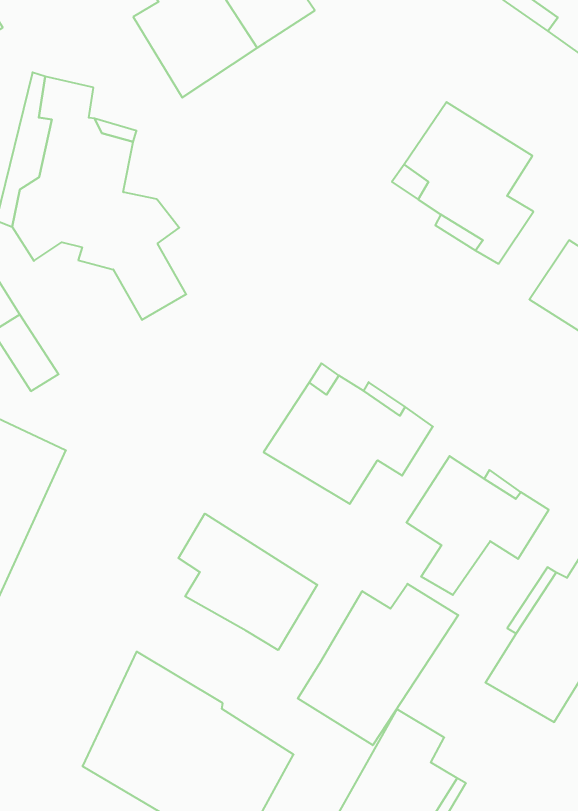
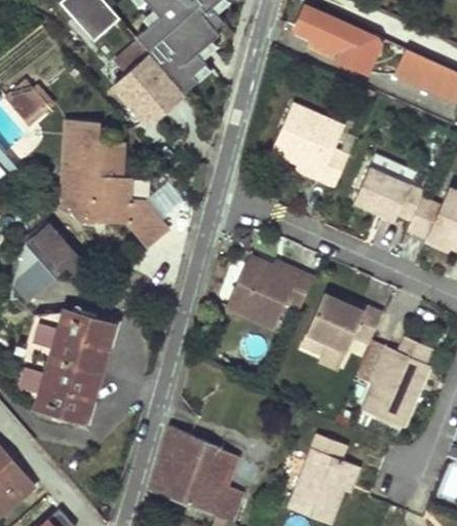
building: [178,514,317,650] -> none
building: [298,584,458,745] -> none

